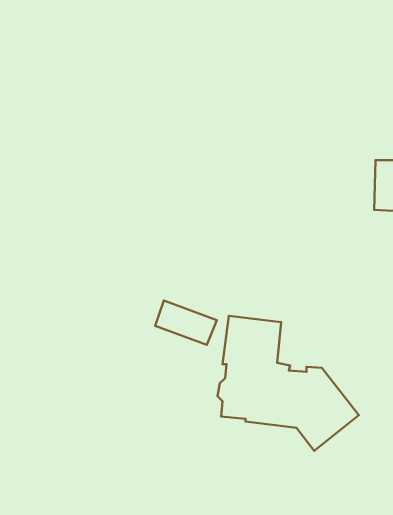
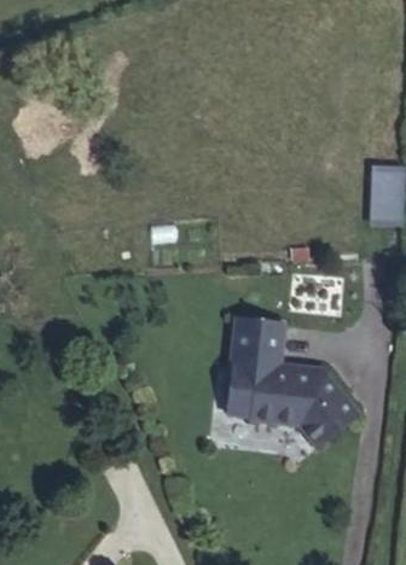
building: [155,301,217,345] -> none

